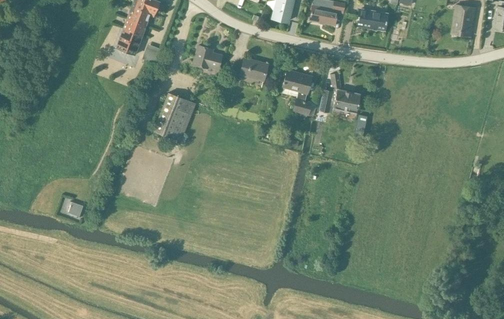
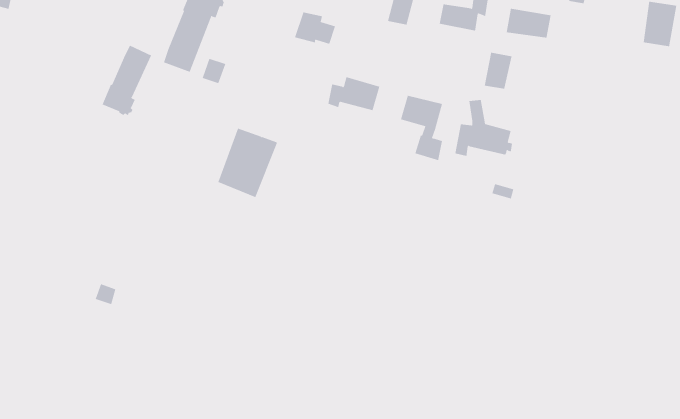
building: none -> [102,45,152,116]
building: none -> [484,52,512,90]
building: [193,45,222,68] -> [294,12,336,45]

